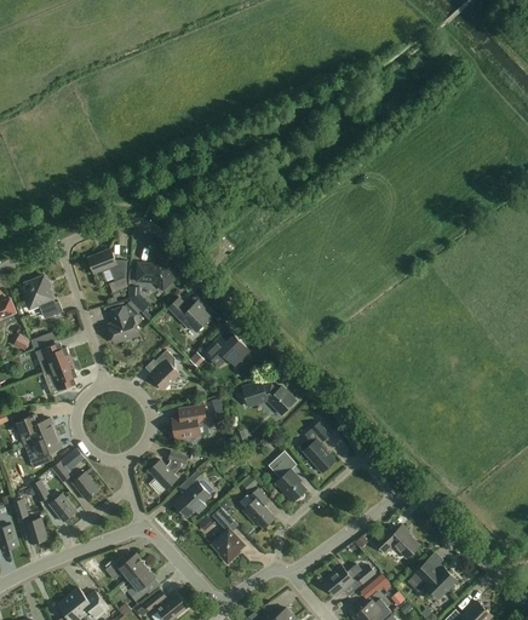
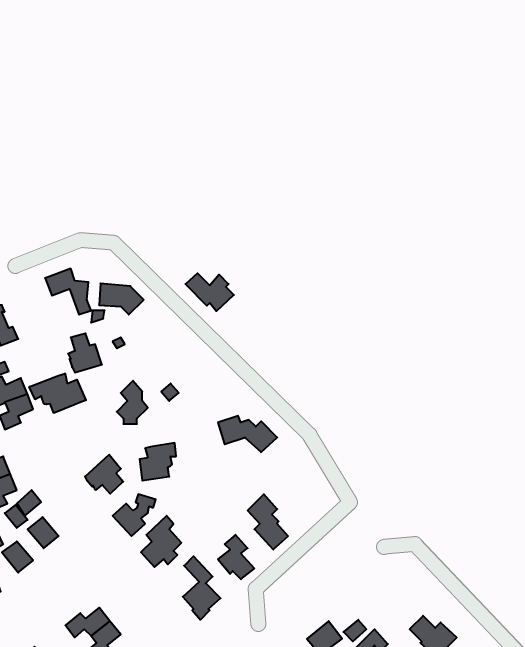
building: [167,298,211,332] -> [185,273,234,311]
building: [203,335,249,366] -> none
building: none -> [29,373,86,413]
building: none -> [85,455,123,494]
building: [298,423,334,472] -> none
building: [373,524,419,558] -> none

